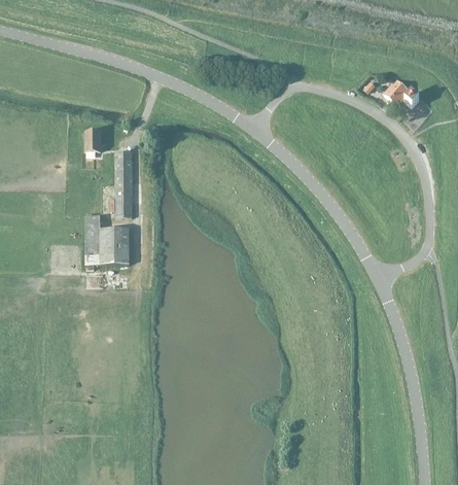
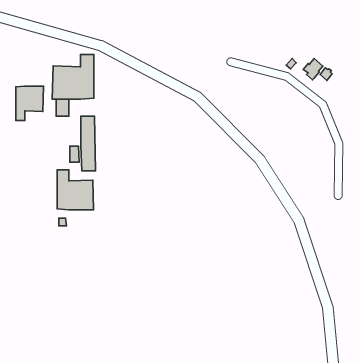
building: none -> [52,55,94,99]
building: none -> [16,86,43,120]

